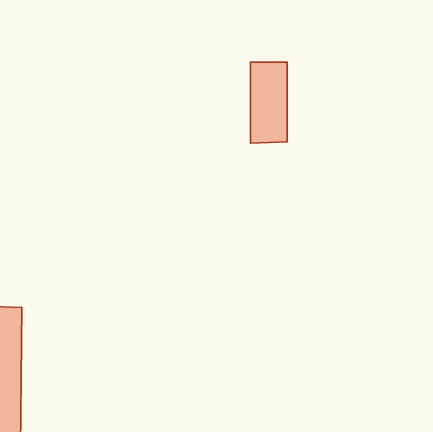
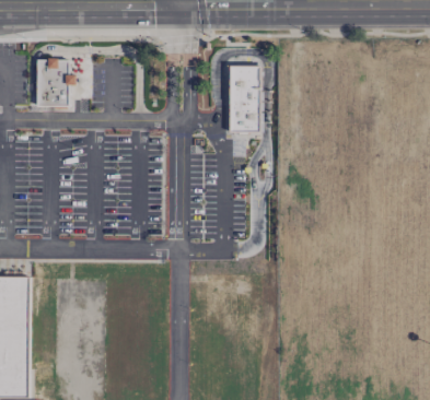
building: none -> [37,58,77,106]

